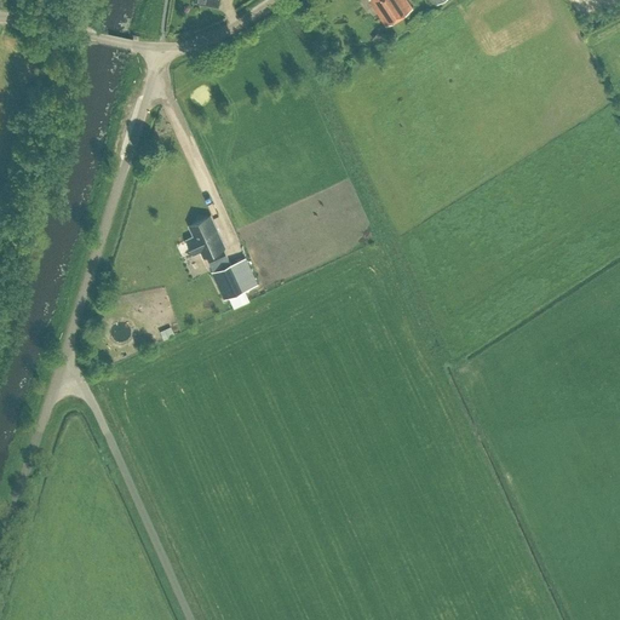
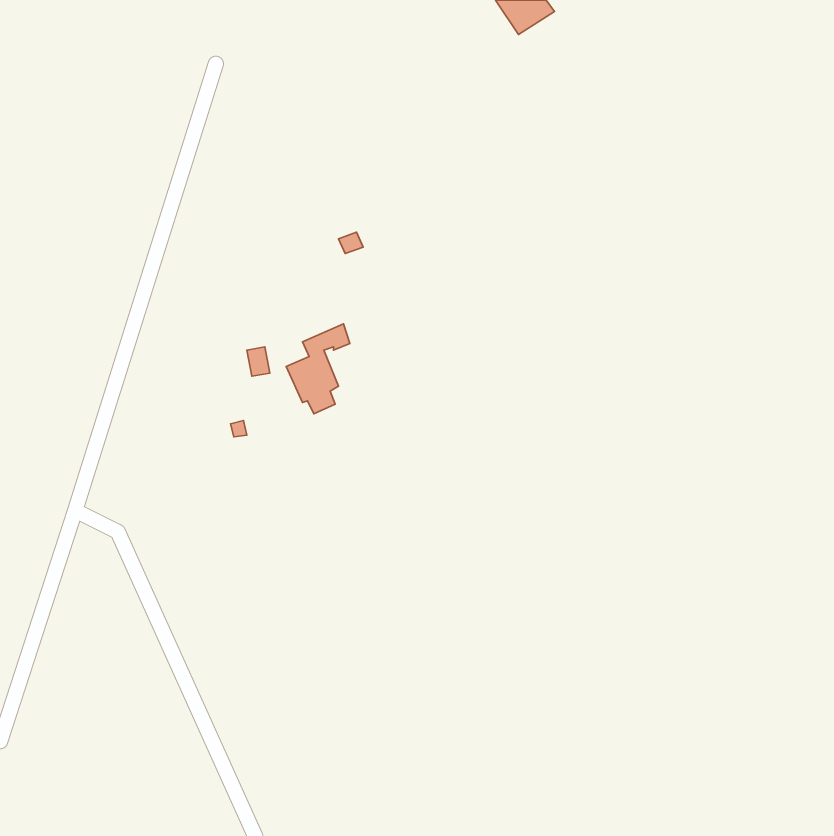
building: [188,216,225,256] -> none

